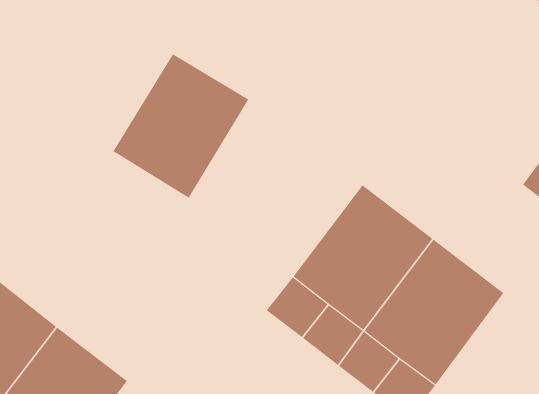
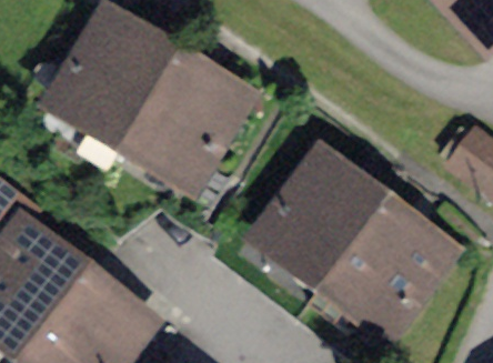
building: none -> [64,18,173,132]

